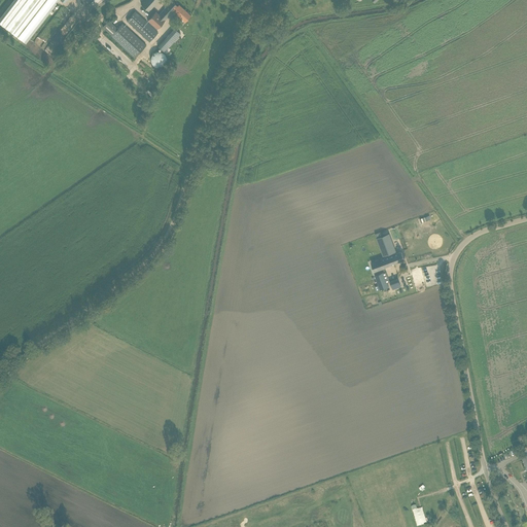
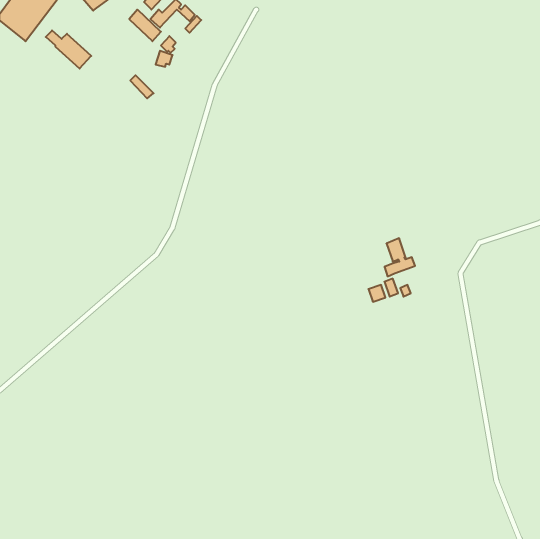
building: [101,19,145,56] -> [46,30,91,69]

